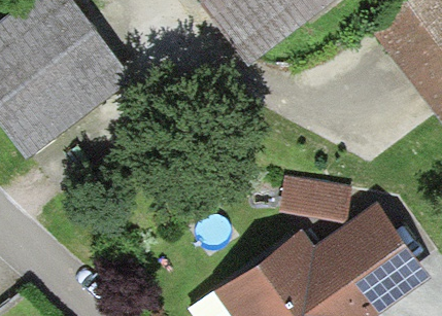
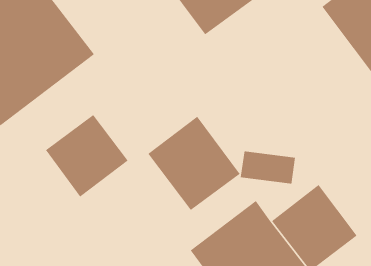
building: none -> [45,114,128,197]
building: none -> [148,116,240,211]

